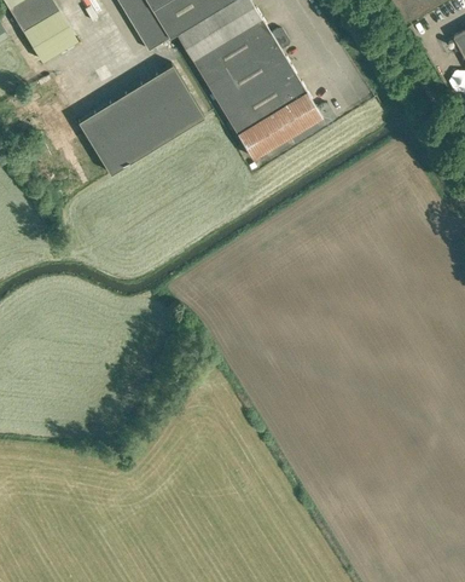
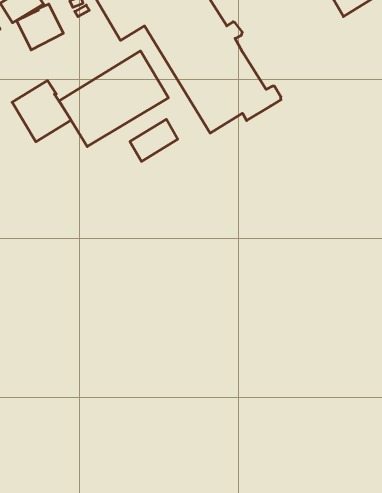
building: none -> [12,81,71,142]
building: none -> [130,119,178,161]

